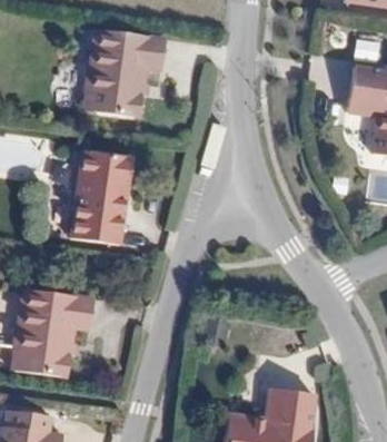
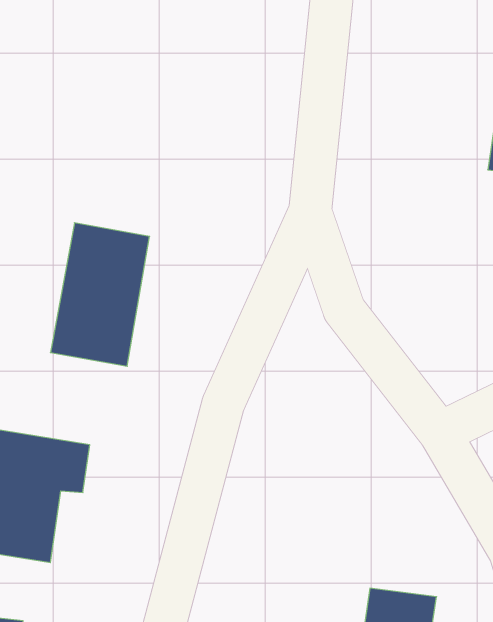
building: [82,30,165,119] -> none

